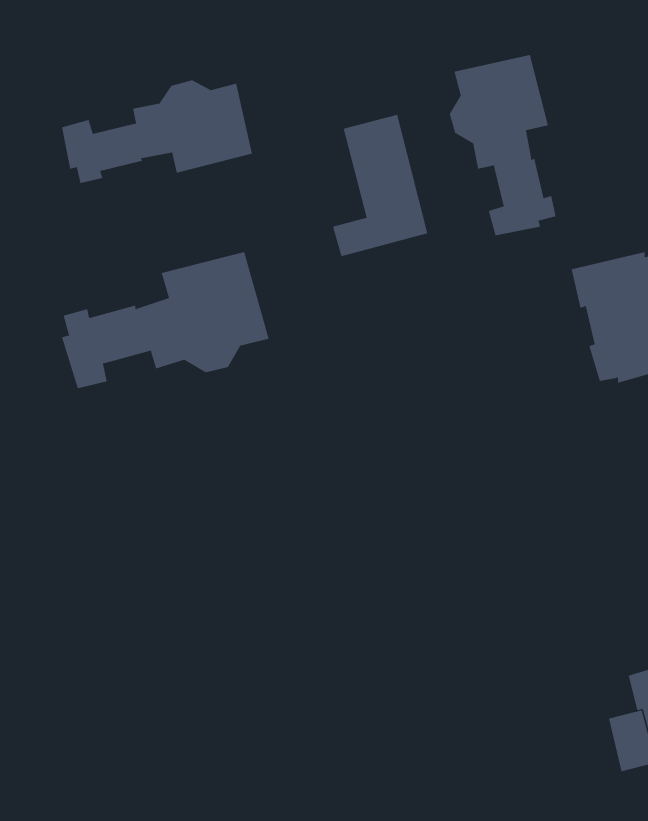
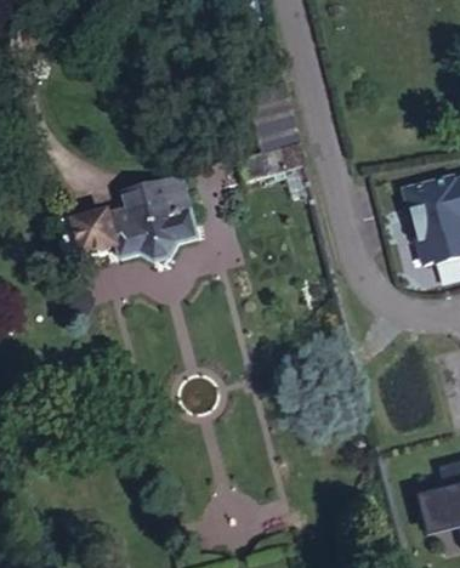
building: [449,54,556,236] -> none
building: [62,80,252,184] -> none

